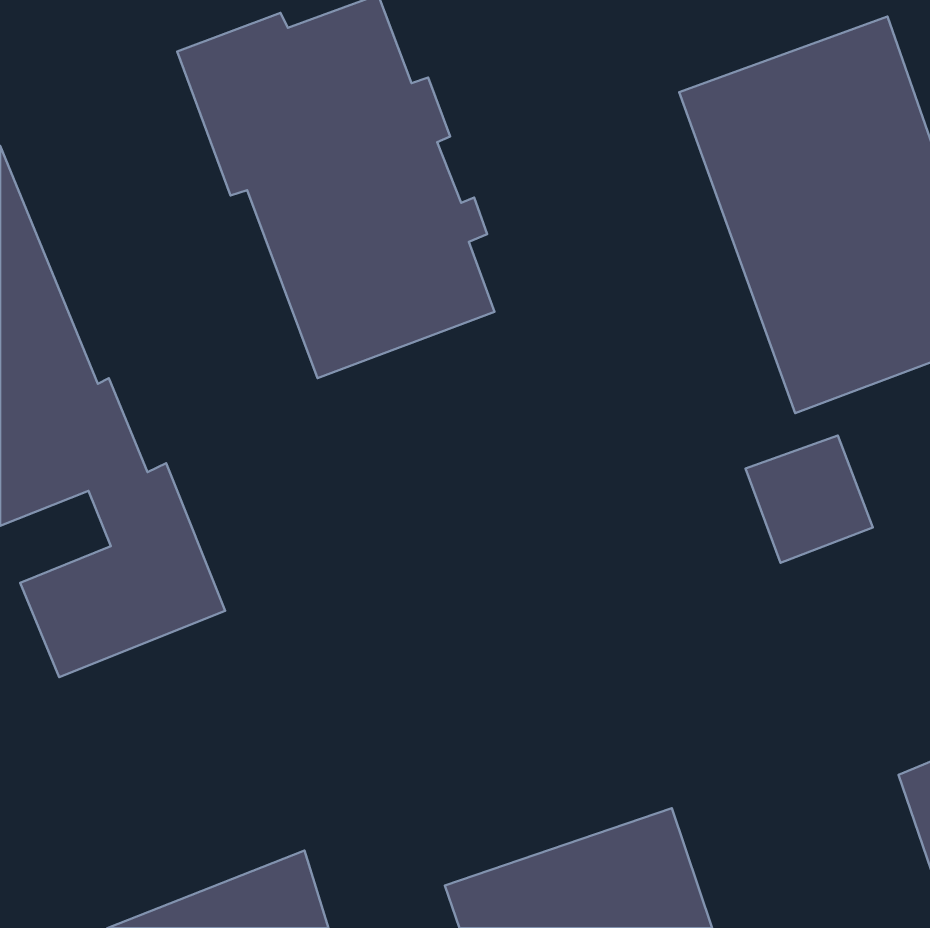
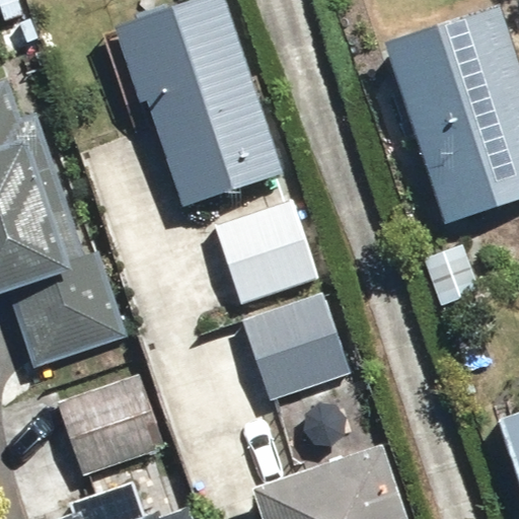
building: none -> [214,202,318,304]
building: none -> [243,292,352,398]
building: none -> [60,373,168,472]

